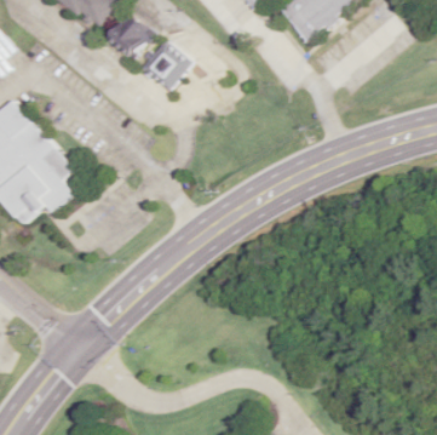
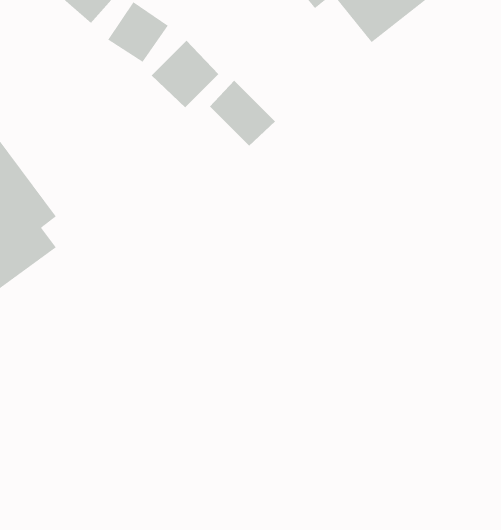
building: none -> [209,80,276,146]

